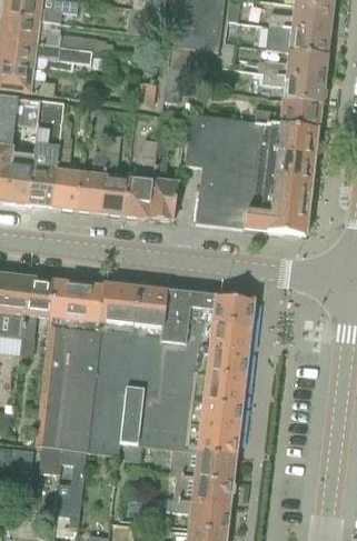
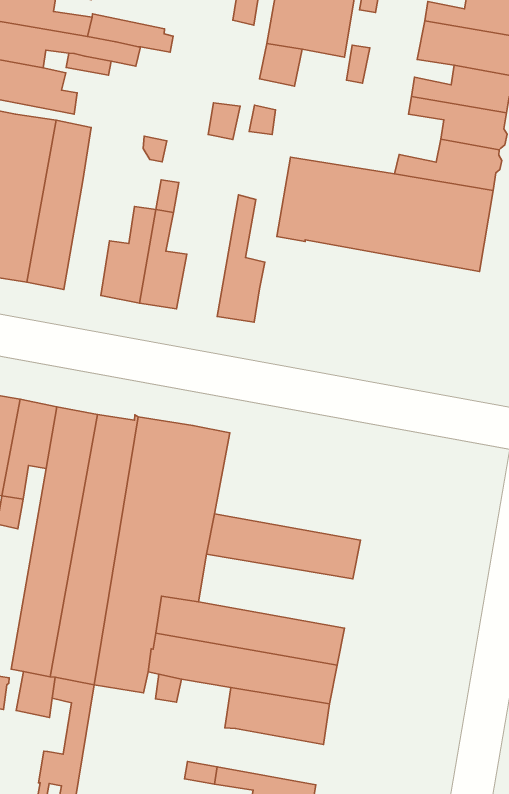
building: [52,137,79,208] -> none
building: [123,139,158,217] -> none
building: [195,166,311,234] -> none
building: [155,289,252,351] -> none
building: [148,365,244,407] -> none
building: [172,473,232,505] -> none

